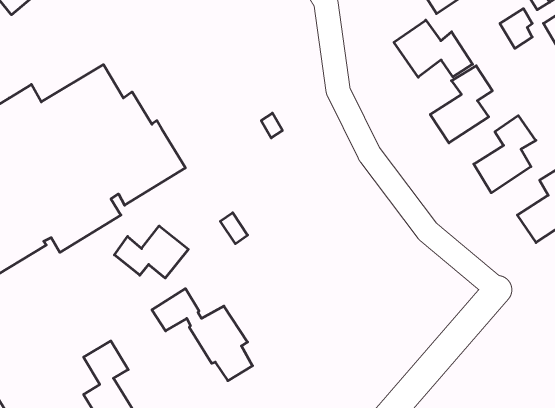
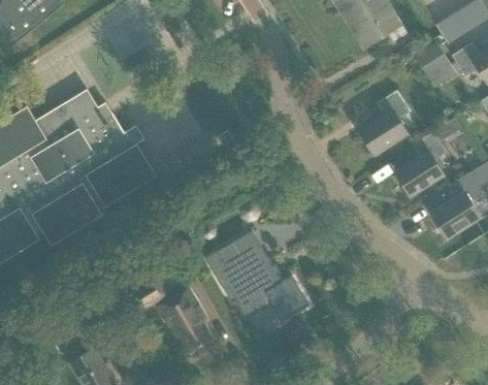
building: [394,20,473,77] -> none
building: [114,226,188,278] -> none
building: none -> [205,231,310,321]

